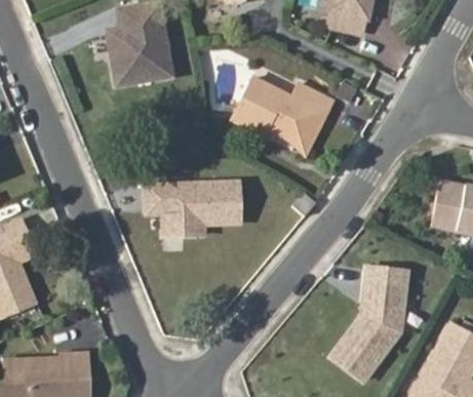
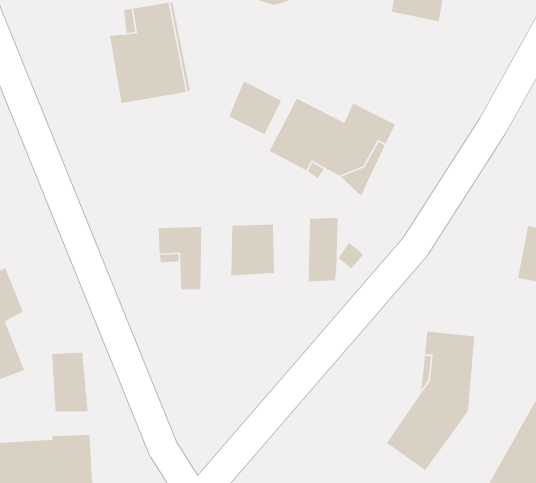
building: none -> [228,80,282,135]
building: [180,183,204,235] -> [308,217,338,282]
building: none -> [51,352,89,412]

